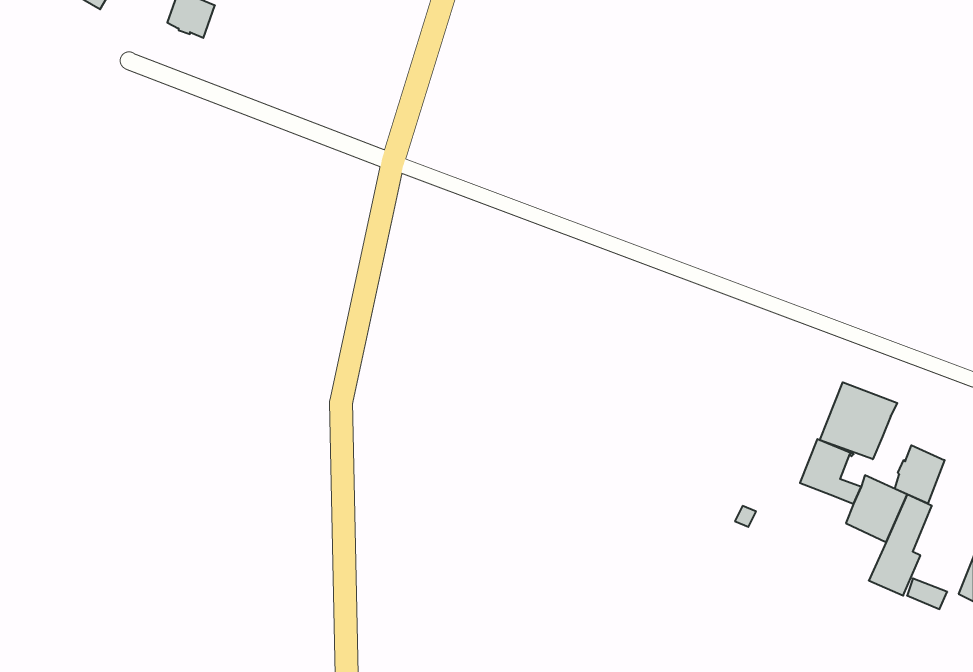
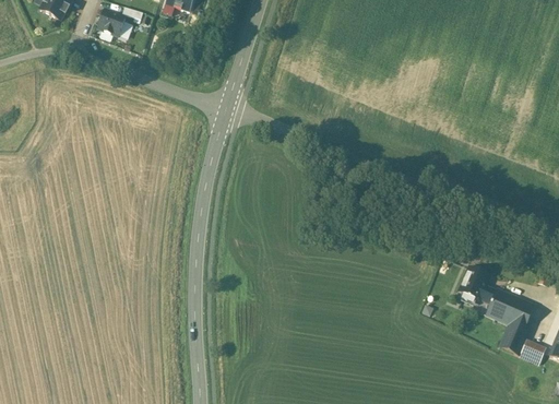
building: [820,382,897,459] -> none
building: [895,445,945,504] -> none

